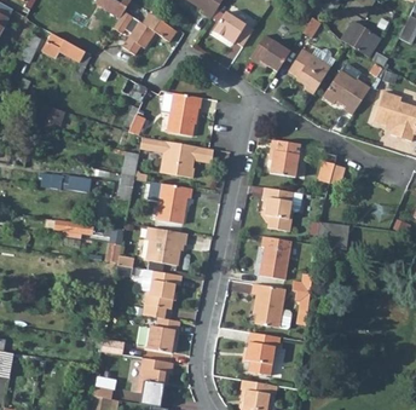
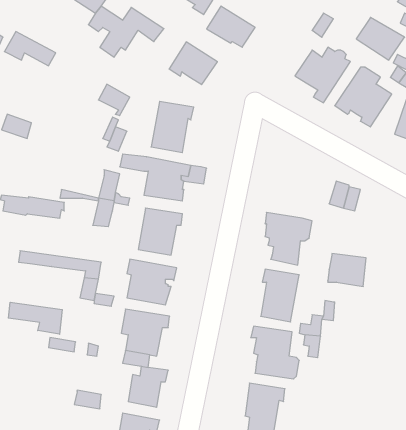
building: [249,34,290,70] -> [169,42,217,85]
building: [270,139,300,177] -> none
building: none -> [8,302,62,334]

